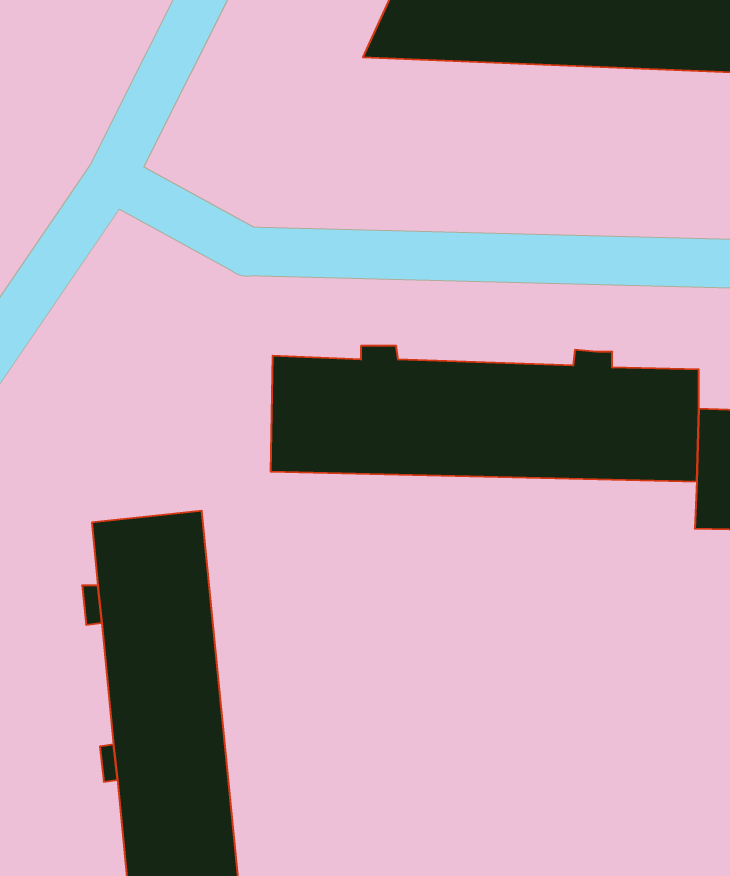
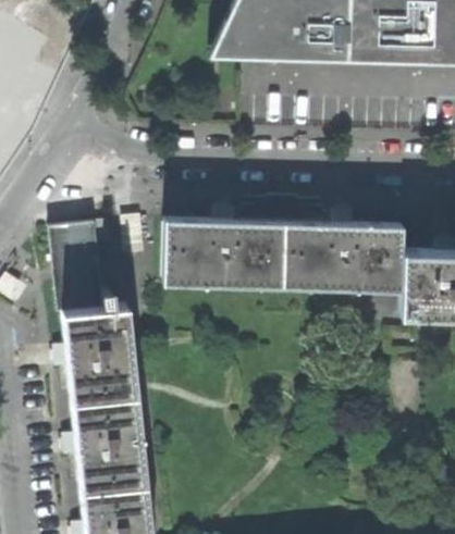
building: none -> [52,226,113,314]

